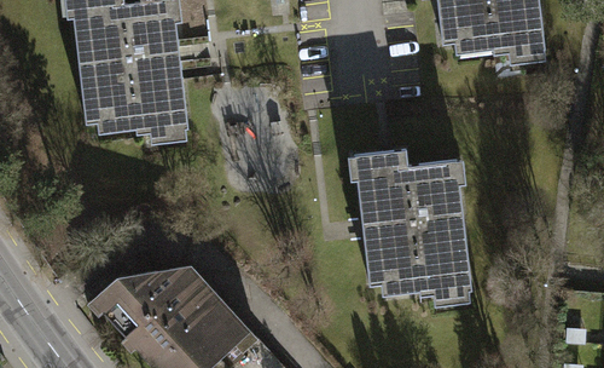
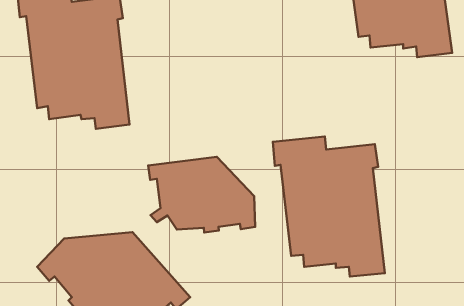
building: none -> [148,157,255,233]

